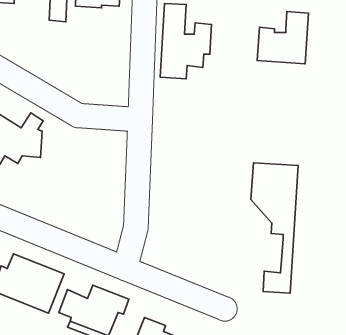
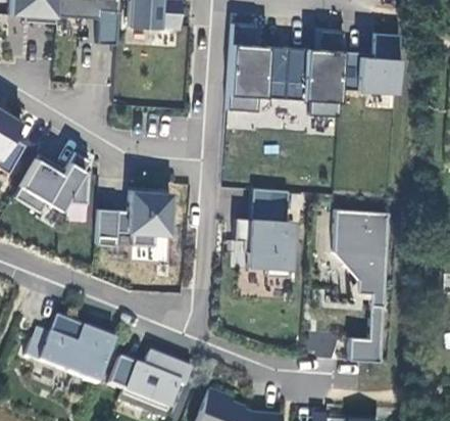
building: none -> [287,29,346,116]
building: none -> [235,187,293,276]
building: none -> [97,189,172,244]

